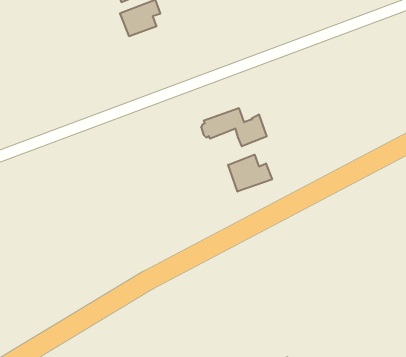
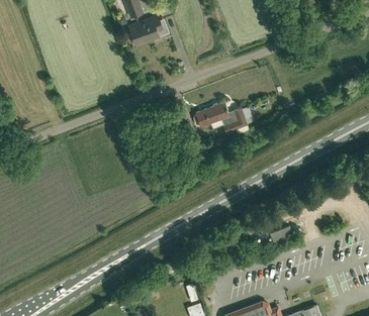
building: [228,155,272,192] -> none

